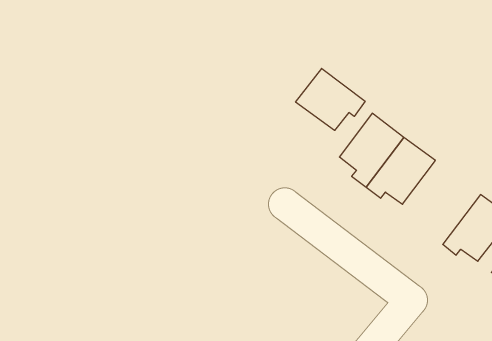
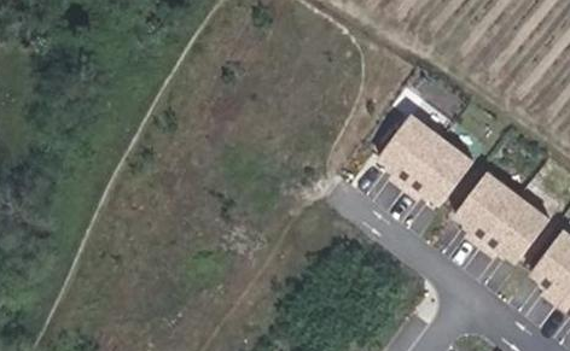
building: [296,68,365,130] -> none
building: none -> [454,171,519,245]

